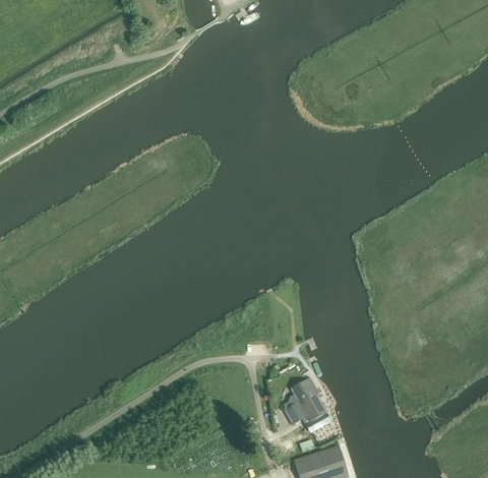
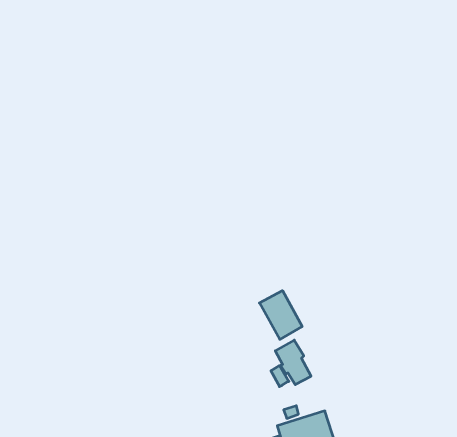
building: none -> [259,291,302,339]

